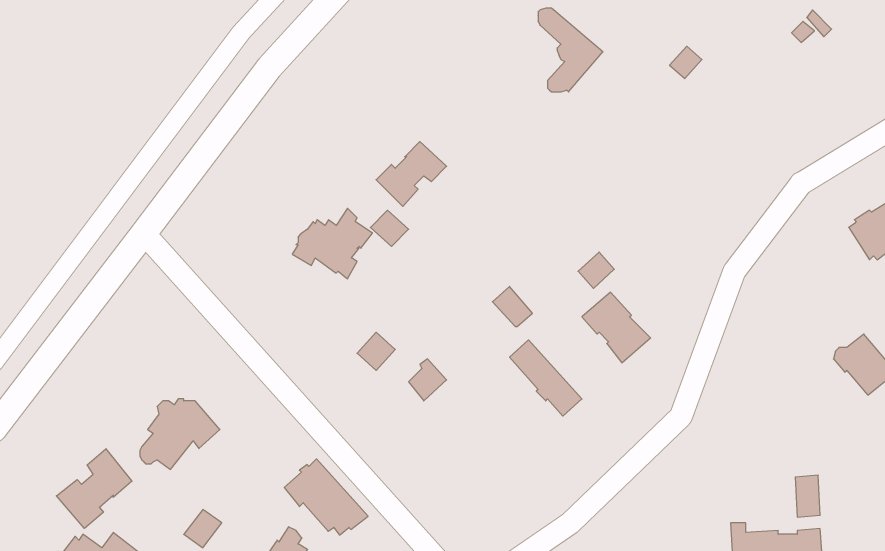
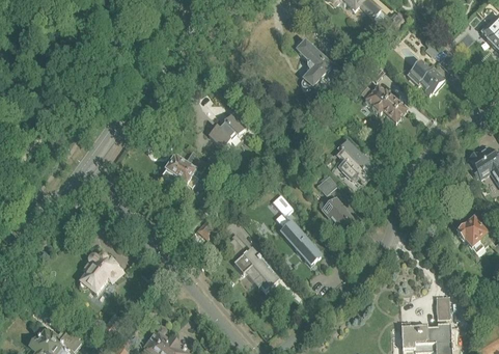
building: none -> [410,64,444,93]
building: none -> [364,84,407,122]
building: none -> [335,139,373,182]
building: [56,449,132,528] -> none
building: [284,459,368,535] -> [233,247,279,289]

